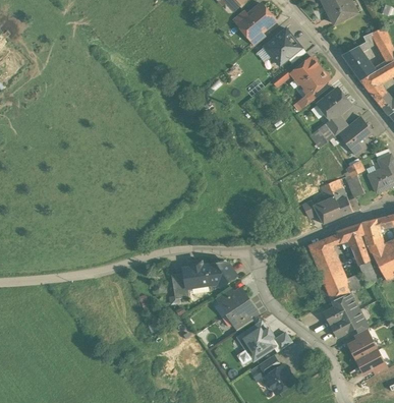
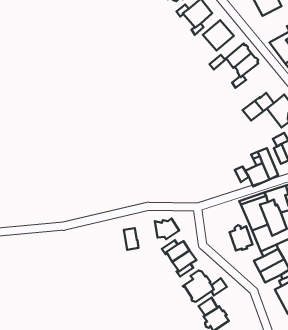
building: [319,89,350,120] -> none
building: [183,262,211,287] -> none
building: none -> [229,225,252,251]

